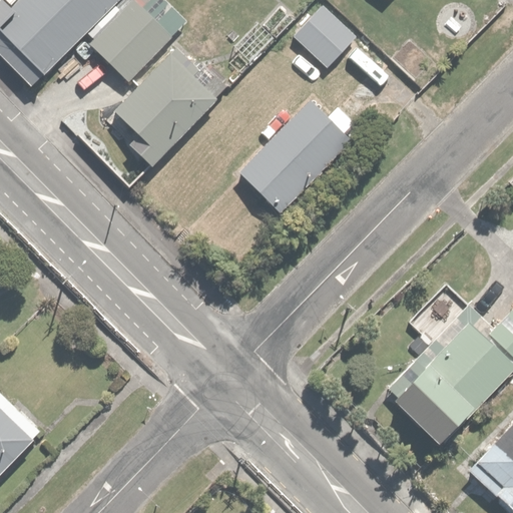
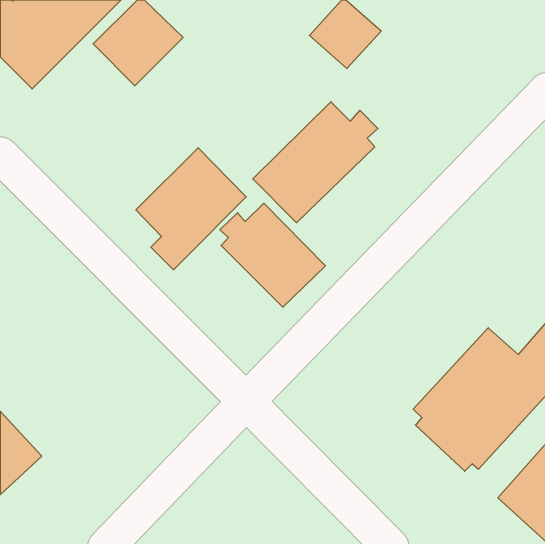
building: [114,49,217,163] -> [136,148,246,270]
building: none -> [220,203,325,307]

